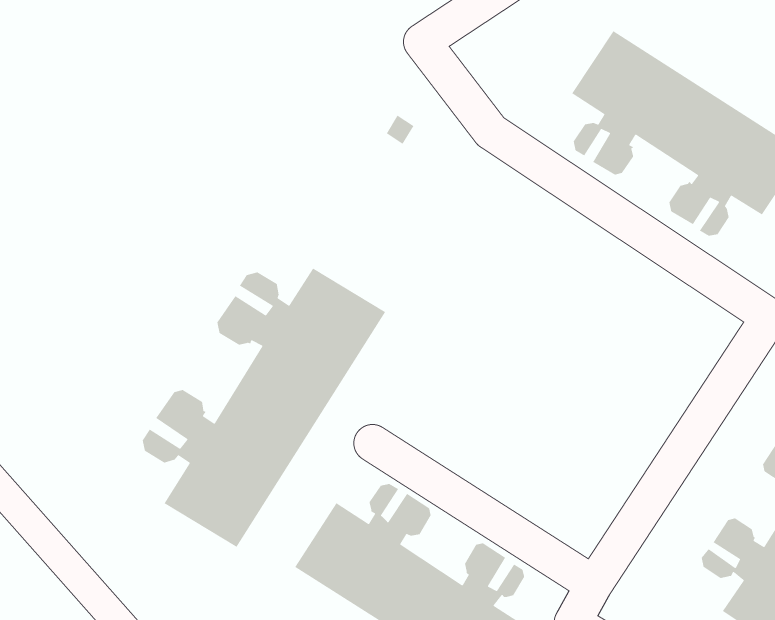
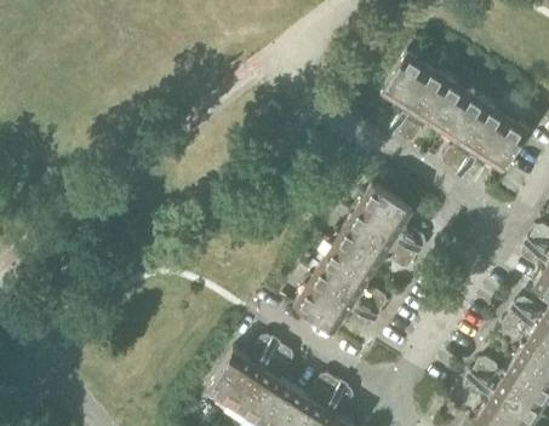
building: none -> [293,183,425,330]
building: [142,268,386,548] -> none

